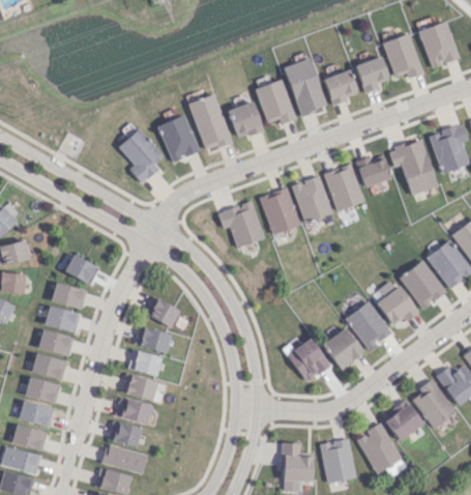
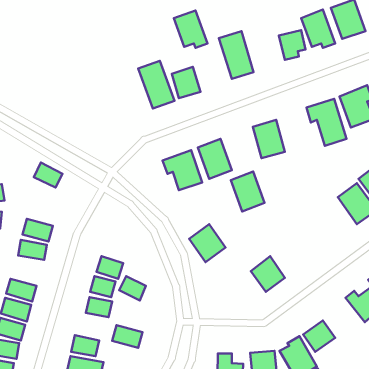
building: [325,70,356,101] -> none
building: [256,79,296,123] -> [174,10,208,48]
building: [157,114,200,162] -> none
building: [118,128,164,183] -> none
building: [356,153,391,187] -> none
building: [292,175,332,223] -> [231,171,265,211]
building: [65,254,99,284] -> [34,162,63,188]
building: [400,260,446,309] -> none
building: [377,285,419,325] -> none
building: [147,297,179,326] -> [119,276,146,300]
building: [345,300,392,349] -> none
building: [38,329,73,355] -> none
building: [287,337,330,382] -> [189,224,226,262]
building: [412,378,457,428] -> none
building: [117,397,153,424] -> [112,325,143,348]

